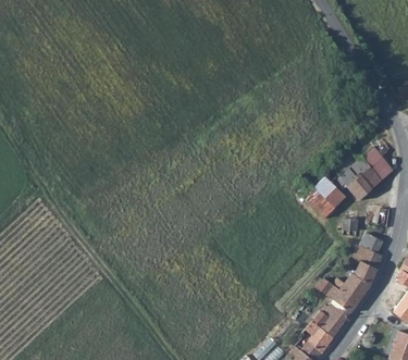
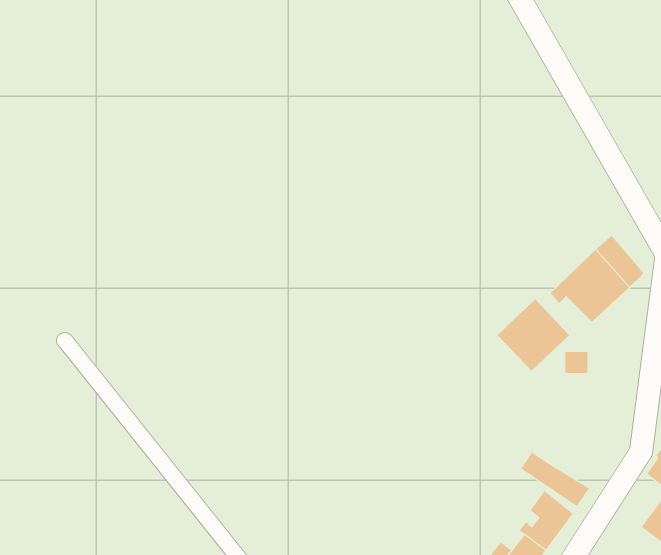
building: [336,244,385,295] -> none

